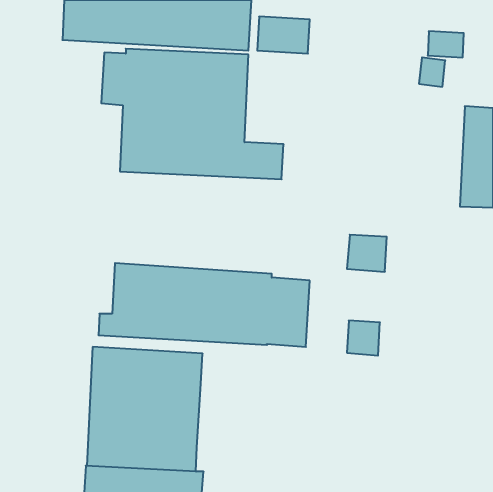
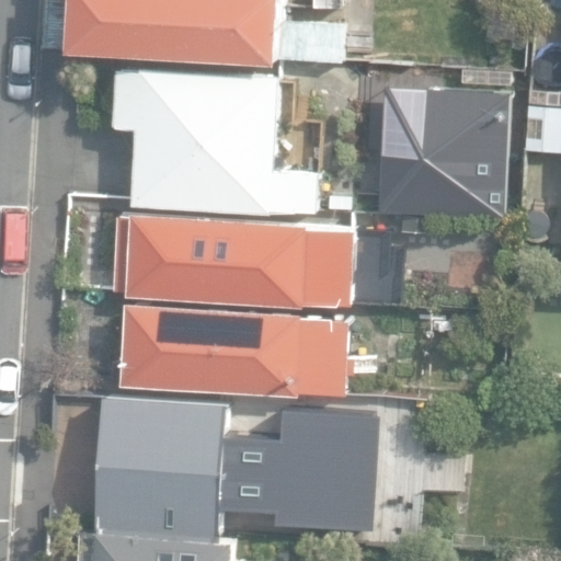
building: none -> [334,137,507,217]
building: none -> [114,213,353,302]
building: none -> [221,413,350,525]

